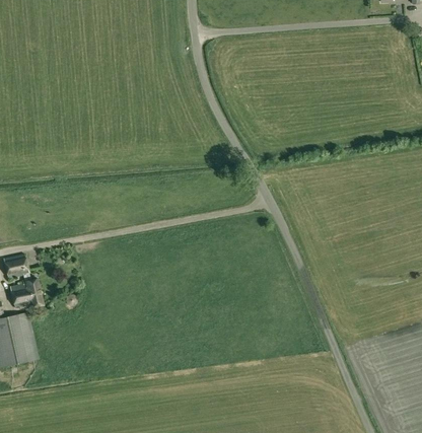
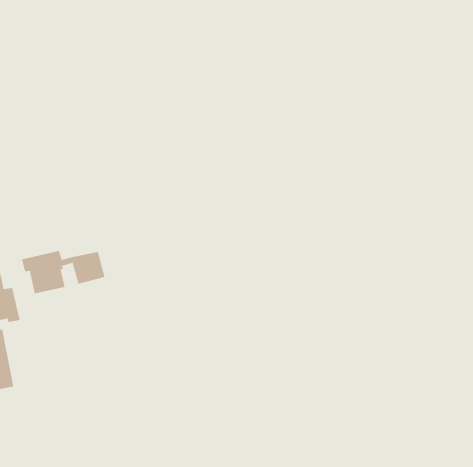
building: none -> [21,250,105,294]

